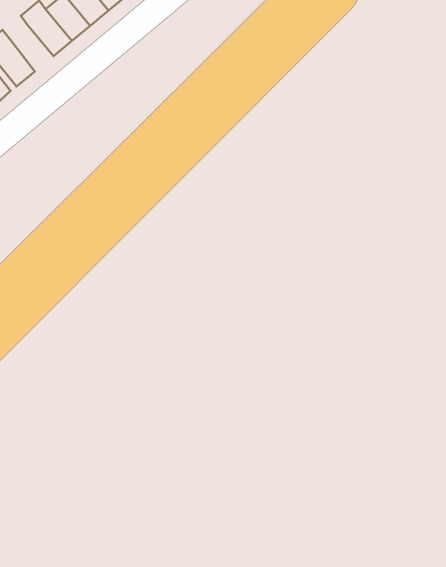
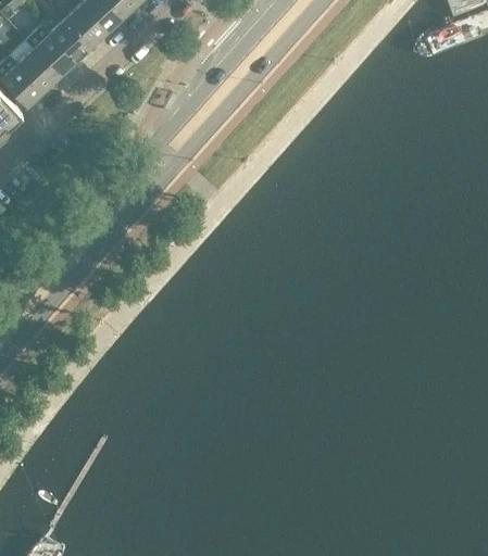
building: none -> [20,48,61,91]

